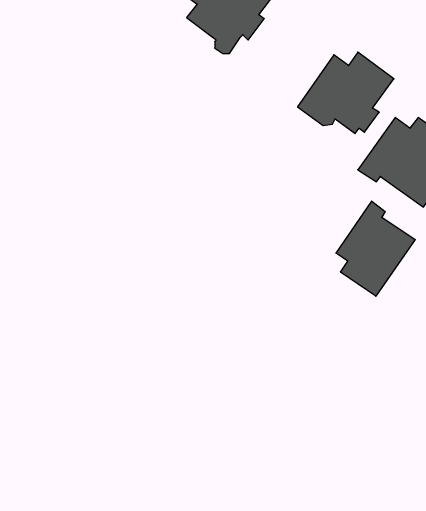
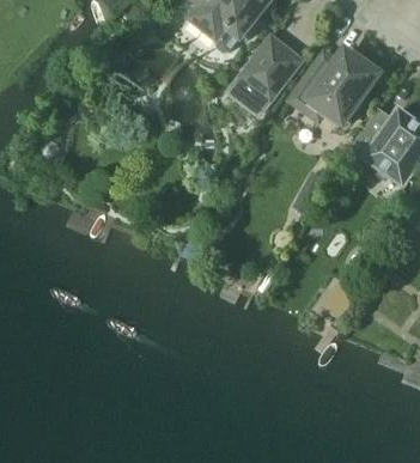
building: none -> [230,37,300,115]
building: [336,201,415,296] -> none

